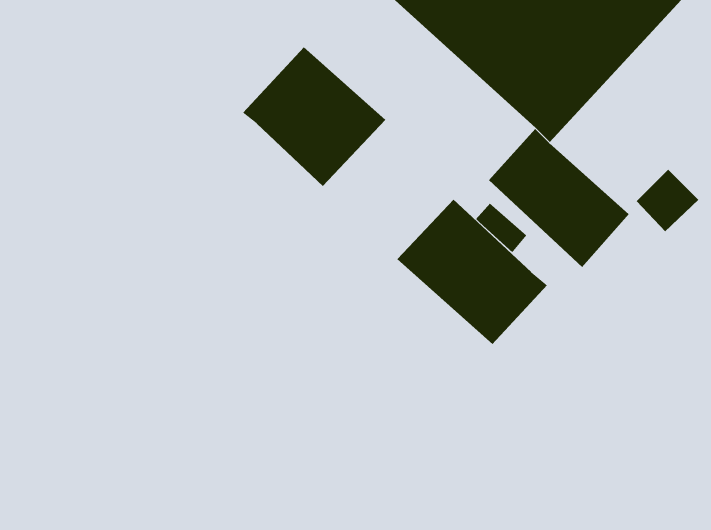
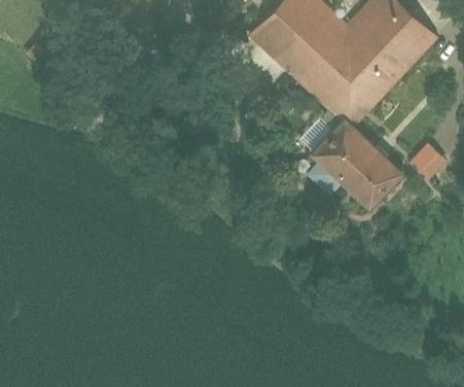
building: [242,46,386,187] -> none
building: [397,199,548,345] -> none

